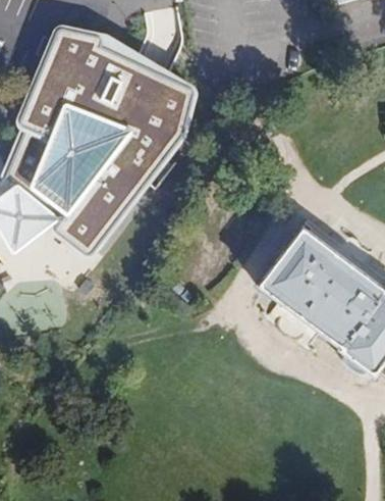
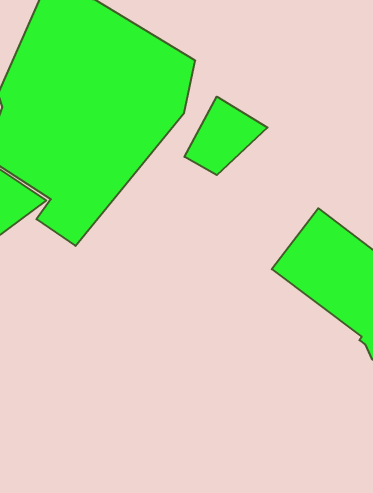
building: none -> [184,97,268,175]

